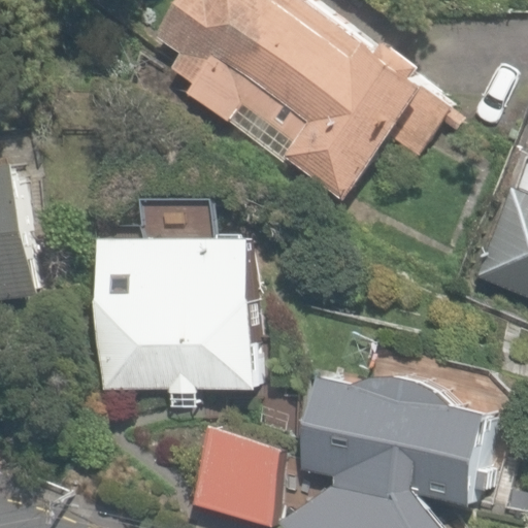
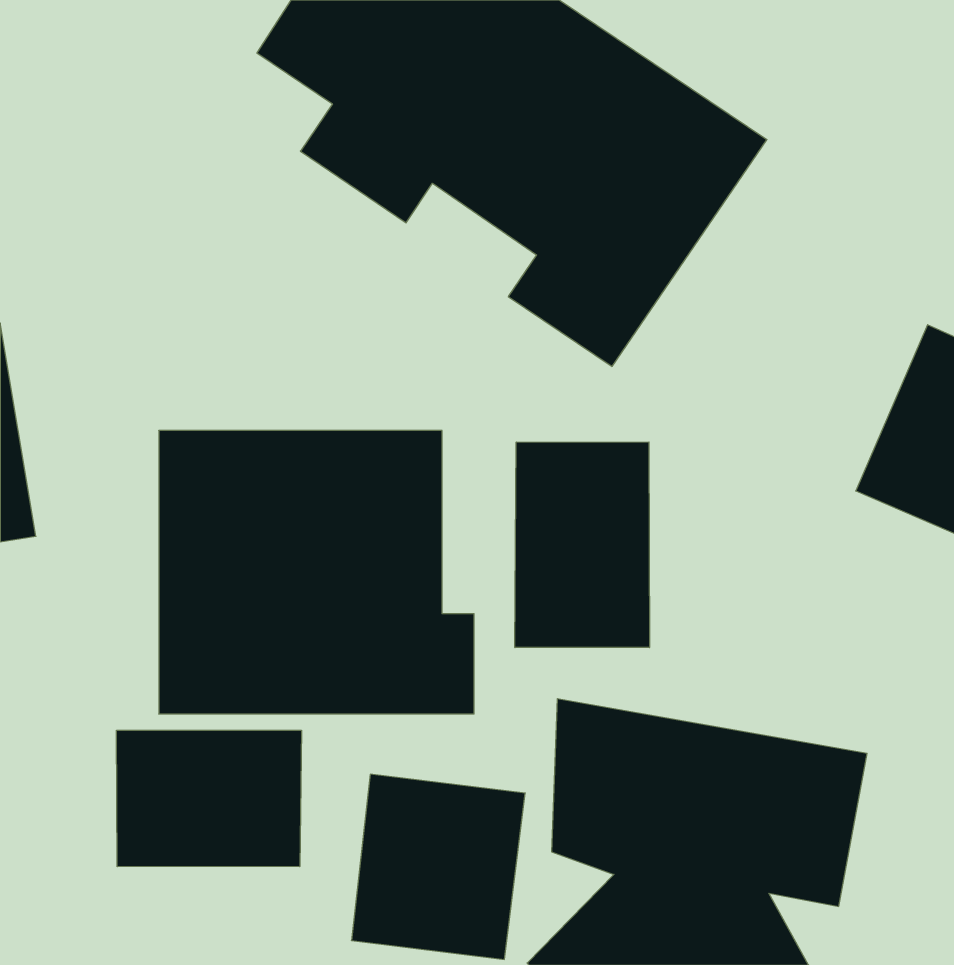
building: none -> [515,442,649,648]
building: none -> [117,730,301,867]

